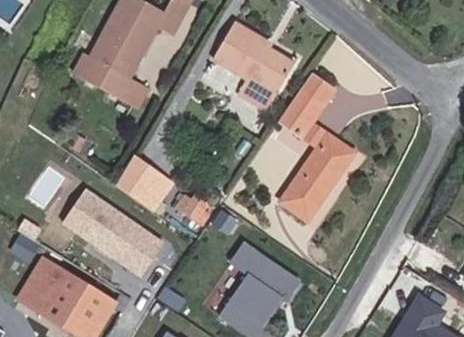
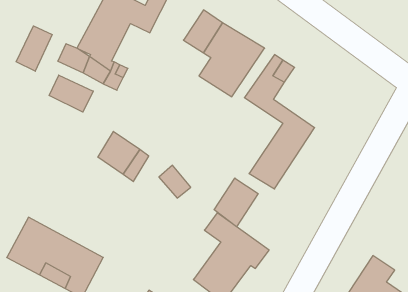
building: none -> [16,26,52,71]
building: none -> [49,75,93,112]
building: [60,185,165,277] -> none
building: none -> [214,178,258,227]

